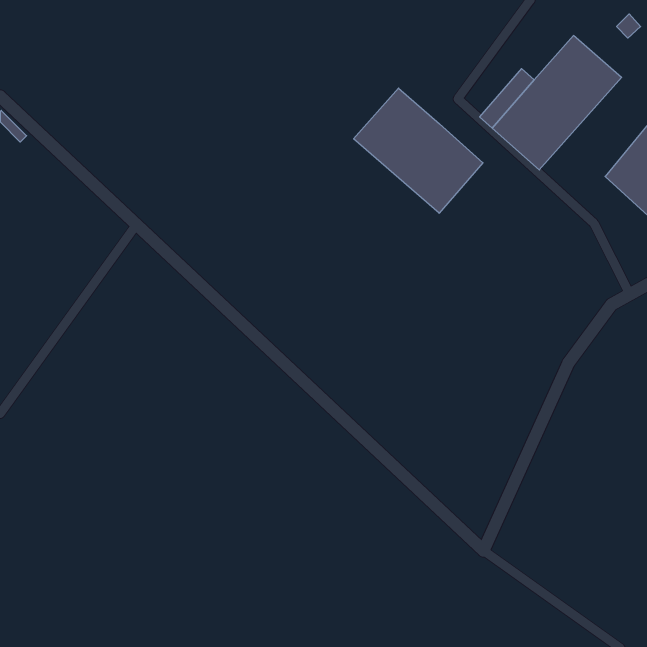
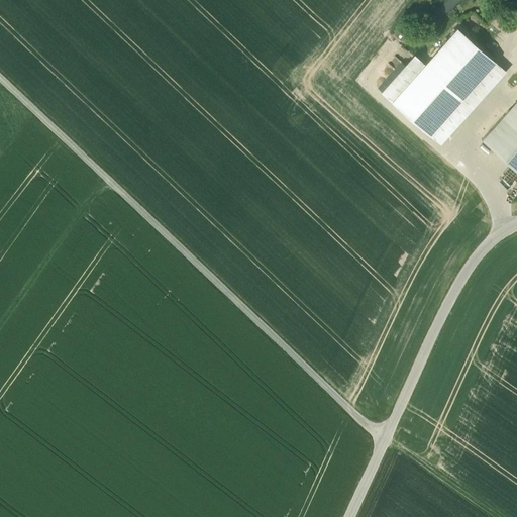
building: none -> [430,63,507,145]
building: [354,88,483,213] -> none

